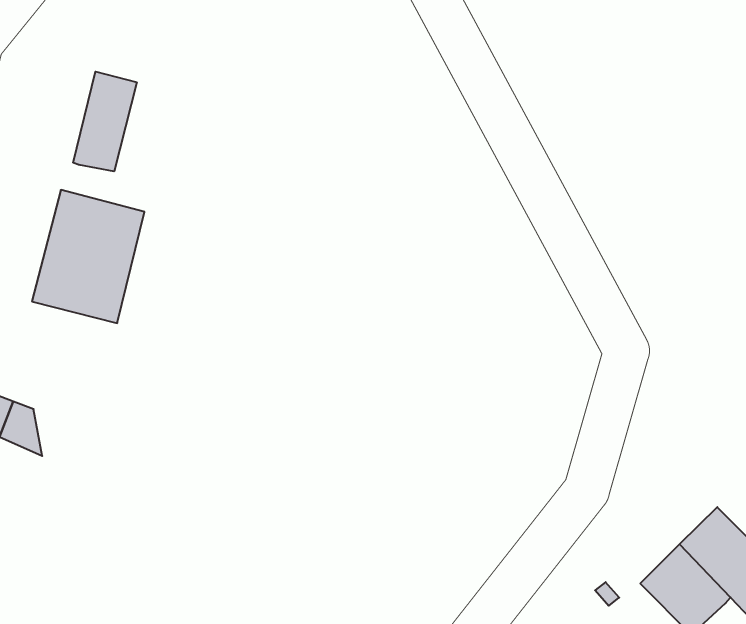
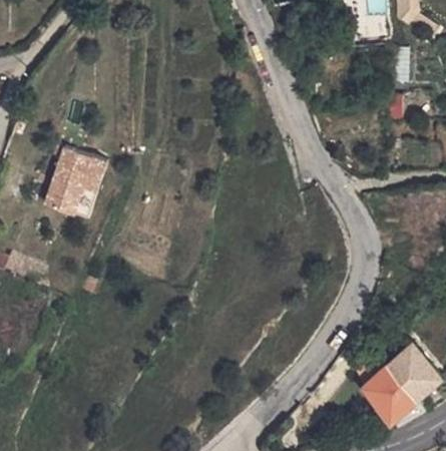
building: [73,72,137,171] -> none

